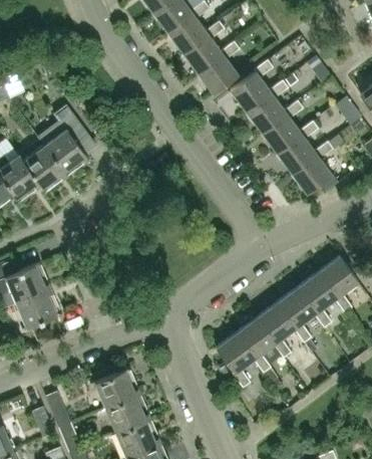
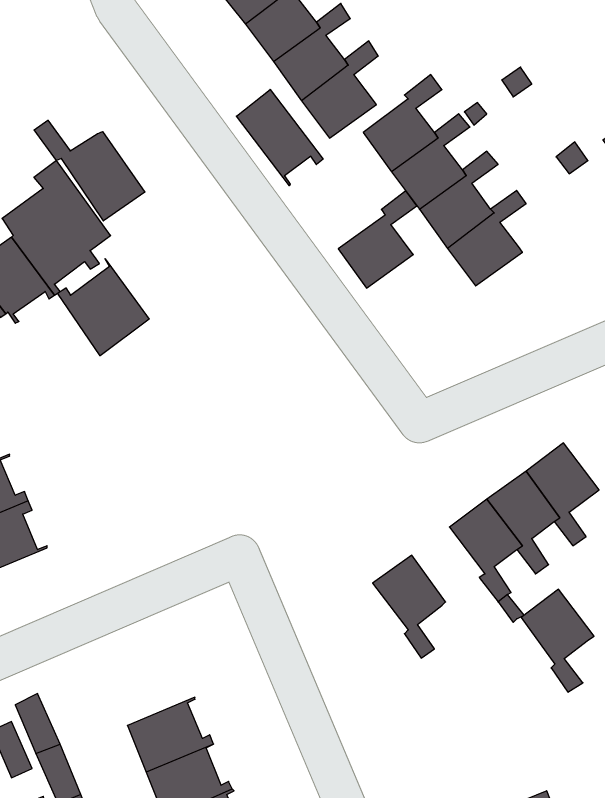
building: none -> [236,89,323,186]
building: none -> [34,120,145,221]
building: [292,142,334,194] -> [338,191,417,288]
building: none -> [57,259,149,356]
building: [258,302,297,358] -> [521,589,594,692]
building: [217,332,256,388] -> none
building: [94,369,141,409] -> none

